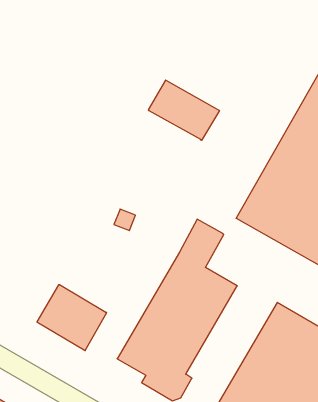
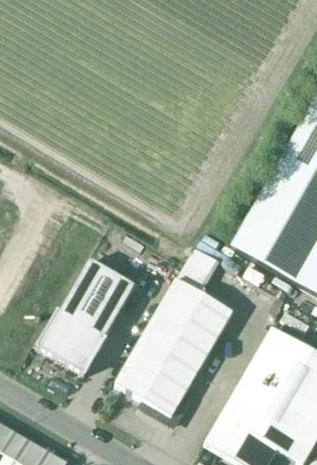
building: [149,80,219,140] -> none
building: none -> [59,258,135,337]

